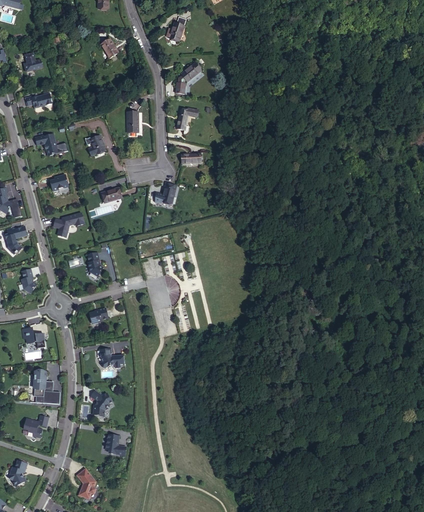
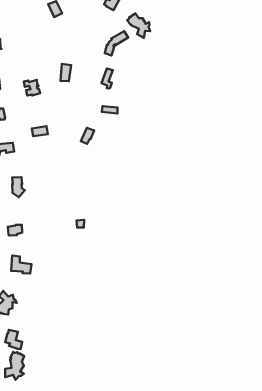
building: none -> [127,14,150,38]
building: none -> [5,352,24,380]

